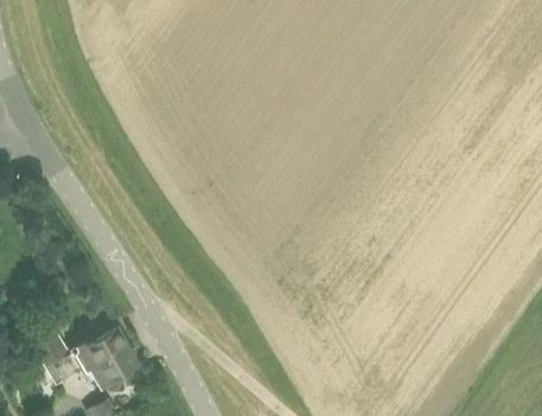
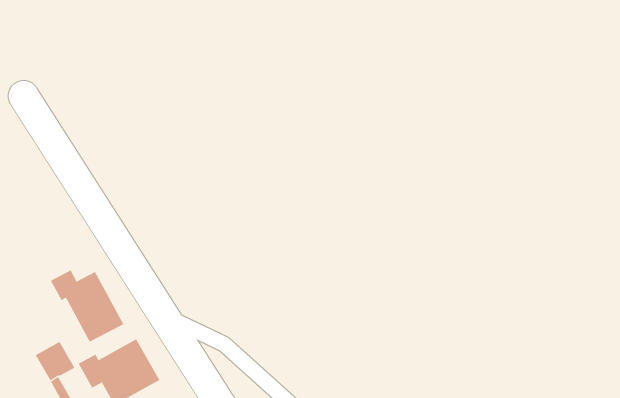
building: none -> [50,269,124,342]

